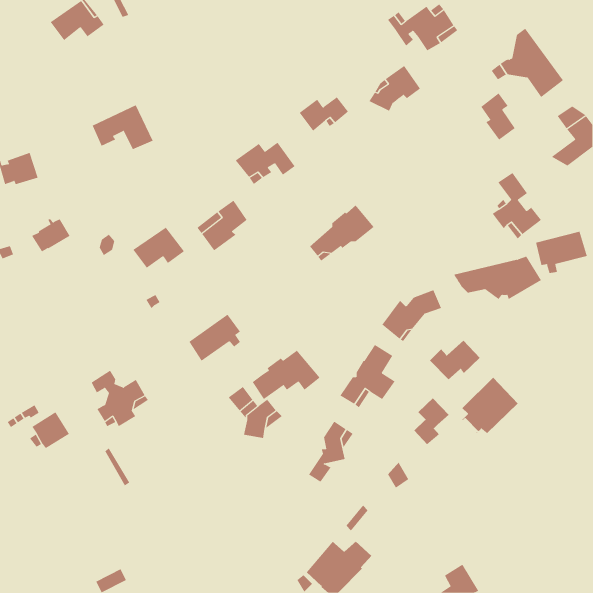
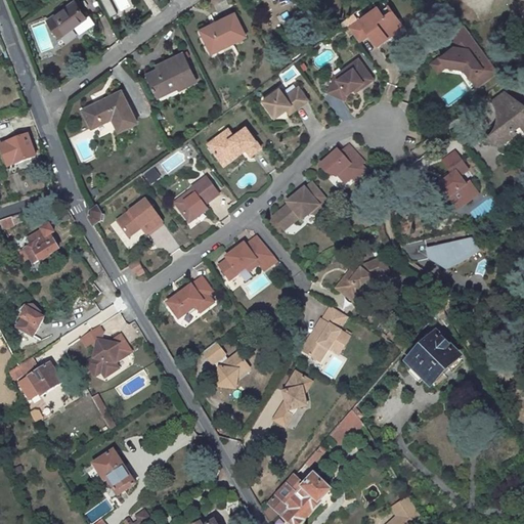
building: none -> [201,12,244,52]
building: none -> [145,54,193,94]
building: [480,93,516,140] -> none
building: none -> [321,143,368,183]
building: [31,218,71,252] -> [24,233,58,263]
building: [536,231,587,274] -> none
building: [429,340,481,380] -> none
building: none -> [16,306,43,334]
building: [252,350,320,400] -> [218,234,278,278]
building: [413,398,450,445] -> none
building: none -> [91,449,134,494]

